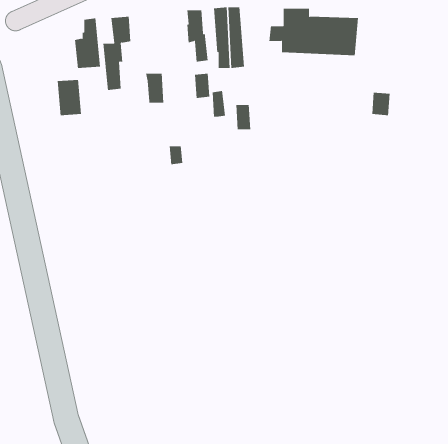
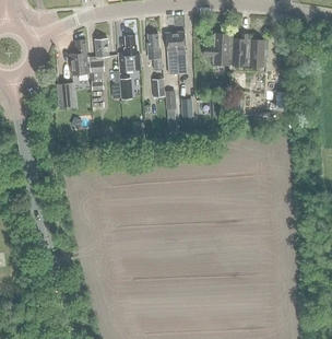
building: none -> [117,35,140,71]

